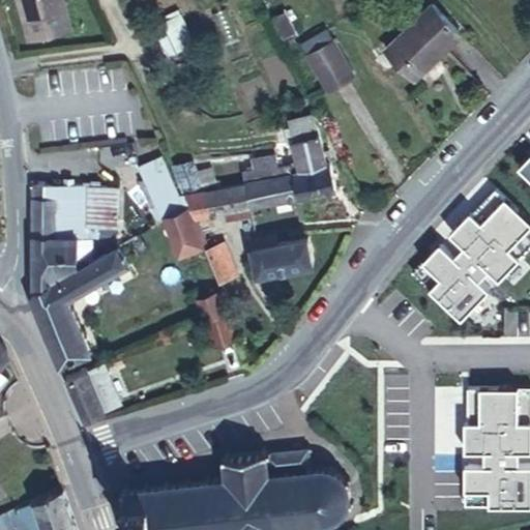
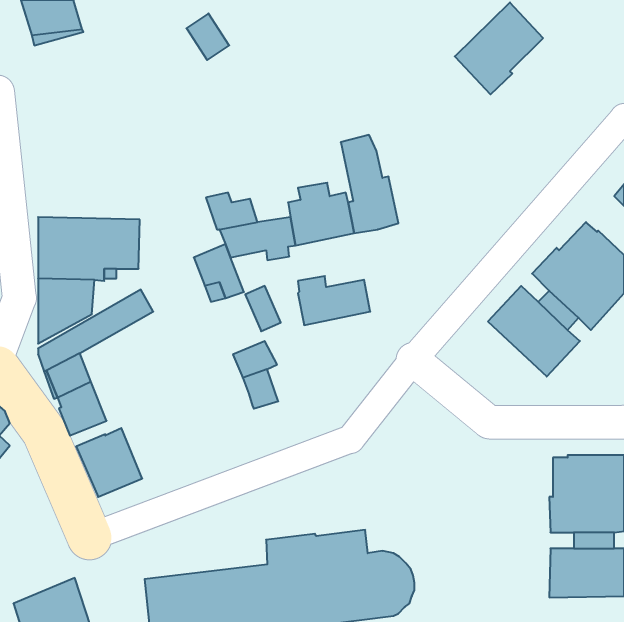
building: [301,33,353,94] -> none
building: [138,164,190,223] -> none

